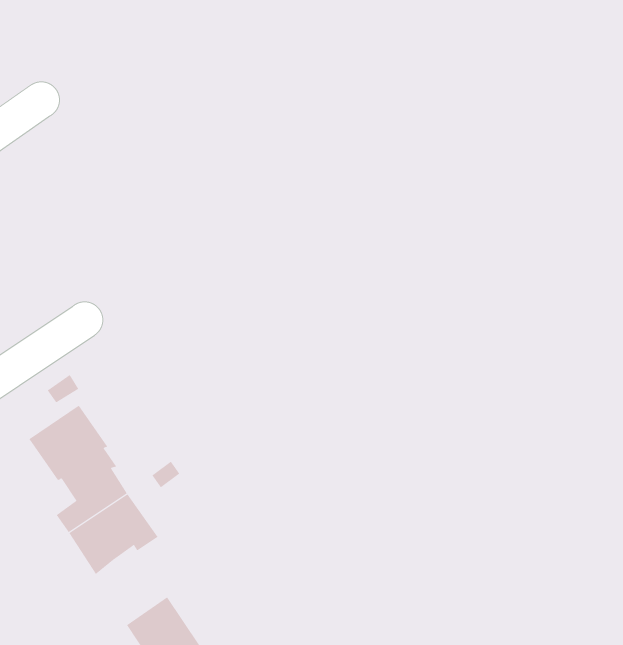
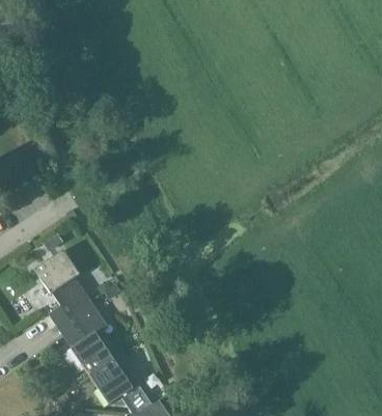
building: none -> [72,332,114,378]

